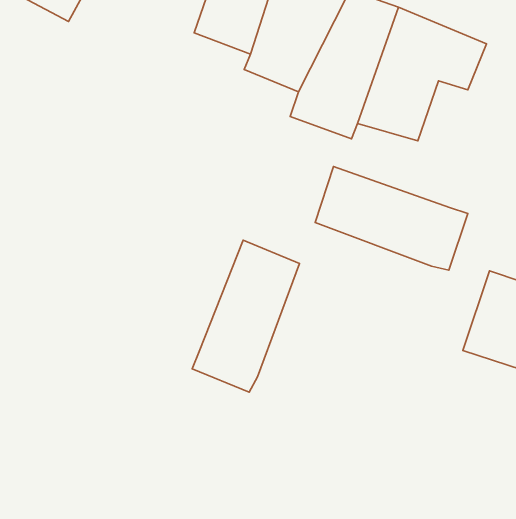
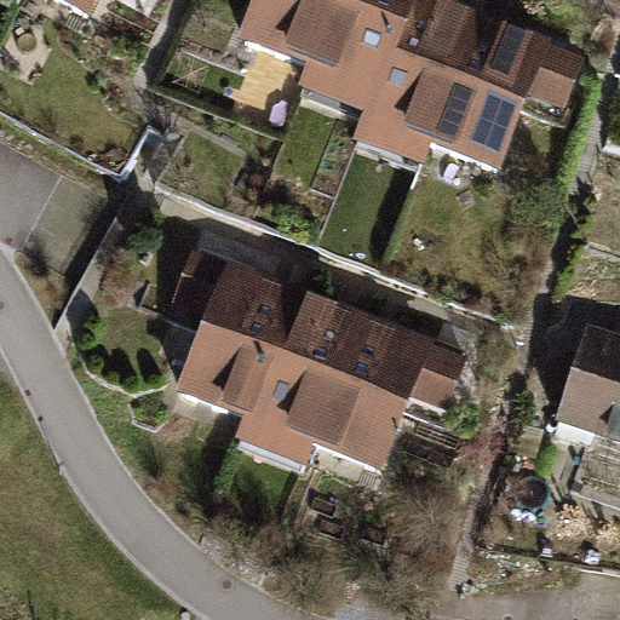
building: [315,167,468,270] -> none
building: none -> [172,251,295,417]
building: none -> [312,312,464,473]

